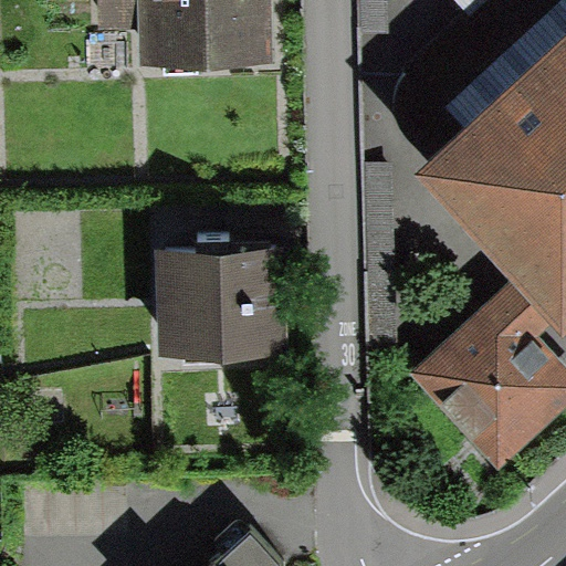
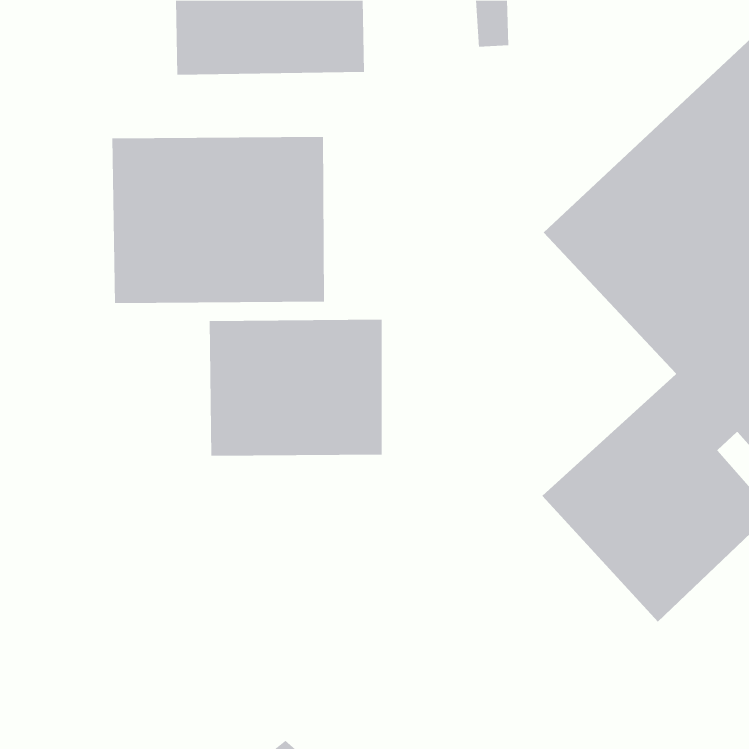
building: none -> [112,136,325,304]

